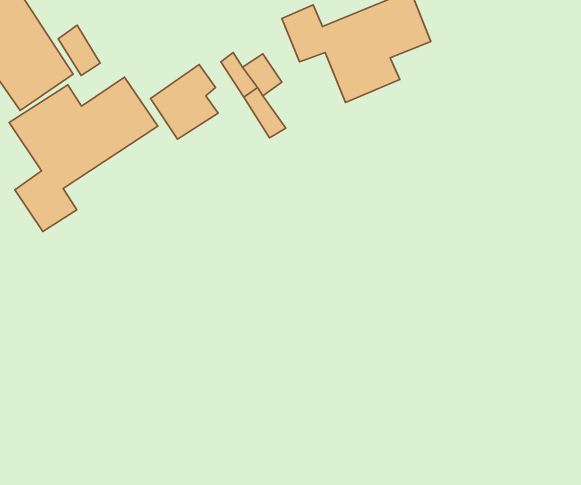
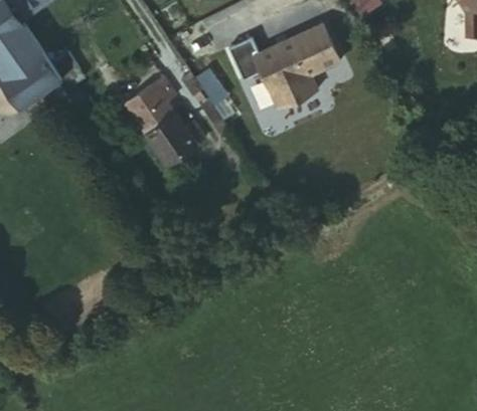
building: [9,77,158,232] -> none
building: none -> [143,116,202,168]

